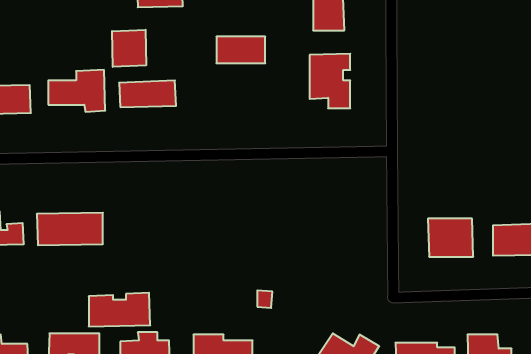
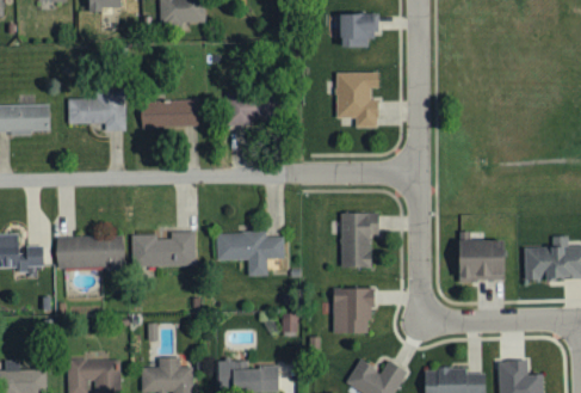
building: [112,30,146,67] -> none
building: [216,37,265,63] -> [228,96,278,123]
building: none -> [341,213,379,269]
building: none -> [216,232,285,276]
building: none -> [333,288,372,333]
building: [89,293,150,326] -> [132,232,196,266]

